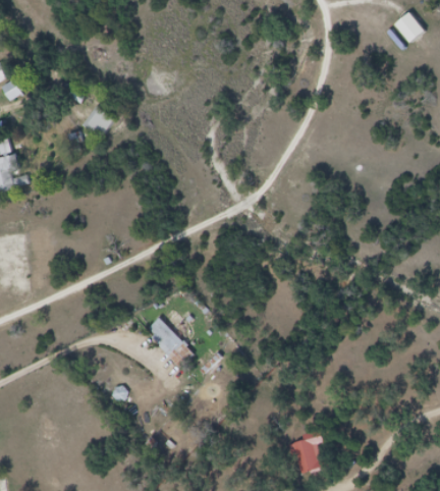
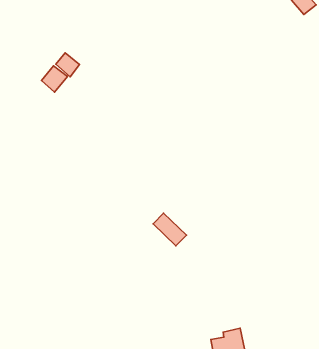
building: none -> [56,53,80,77]
building: [150,322,191,363] -> [153,213,186,246]

